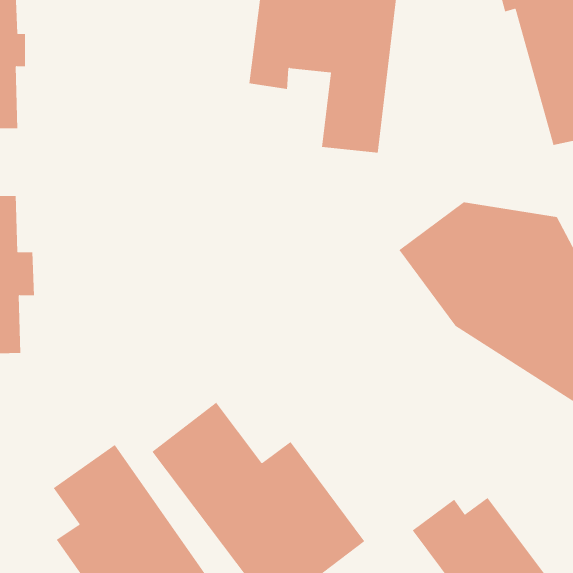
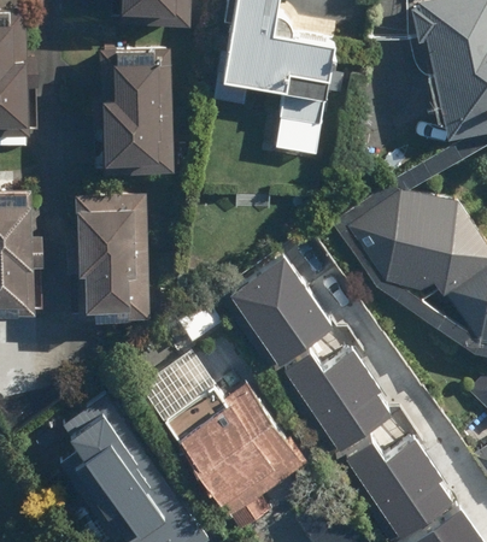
building: none -> [90,47,176,172]
building: none -> [71,193,148,320]
building: none -> [233,253,330,354]
building: none -> [280,340,388,442]

